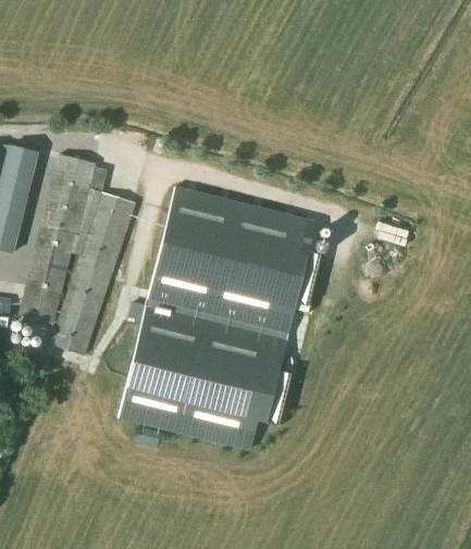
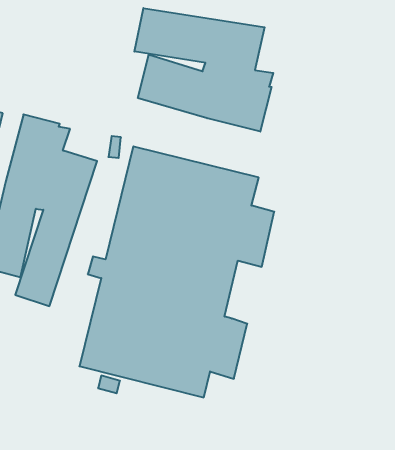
building: none -> [134,8,273,132]

